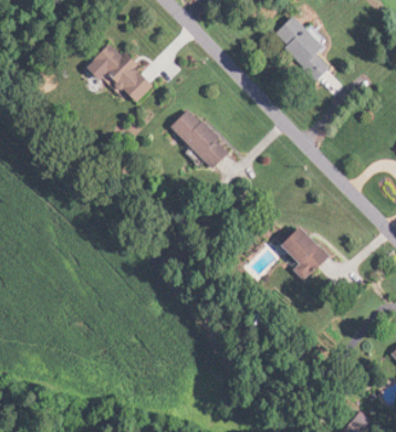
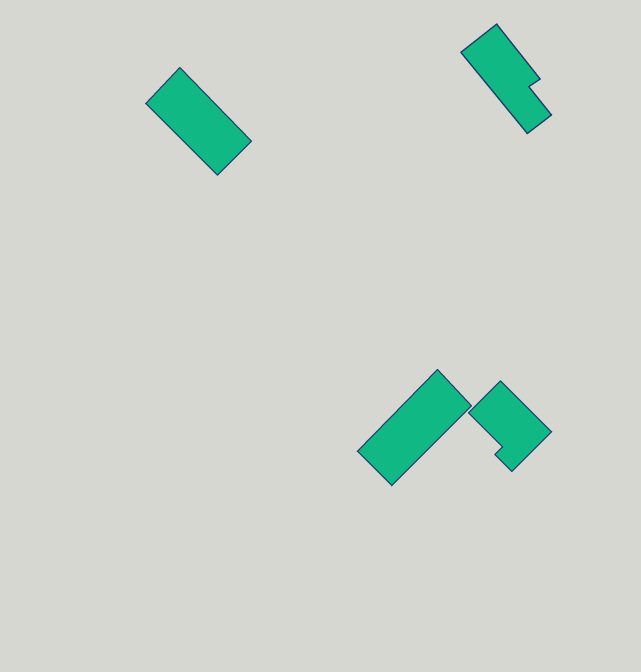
building: [169,108,230,169] -> none
building: none -> [357,370,471,486]

